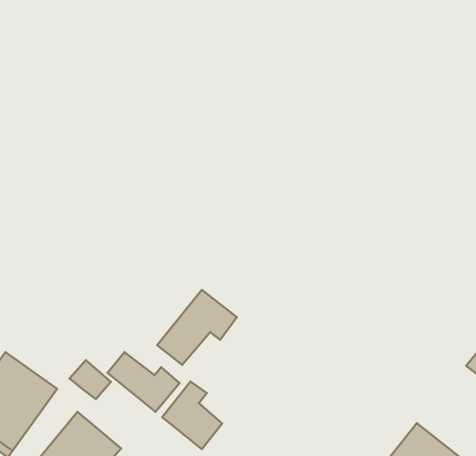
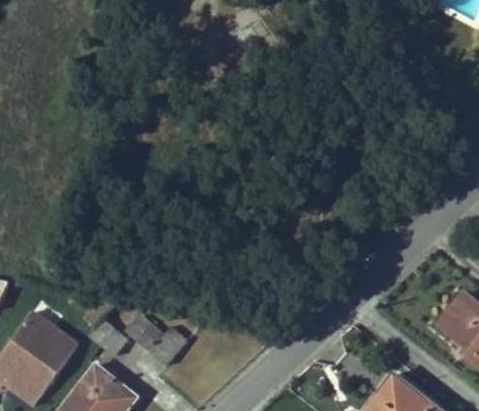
building: [157,290,237,365] -> none
building: [162,381,222,449] -> none

